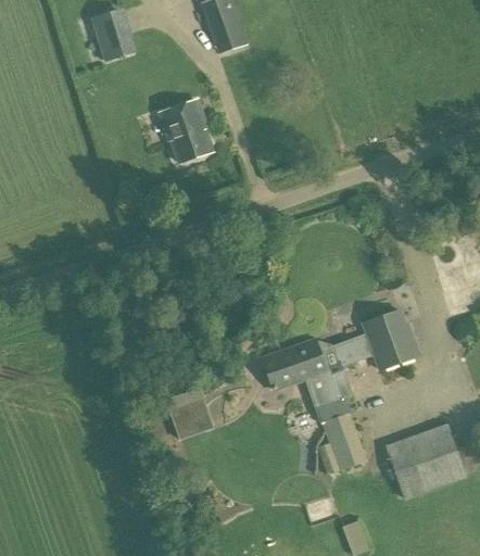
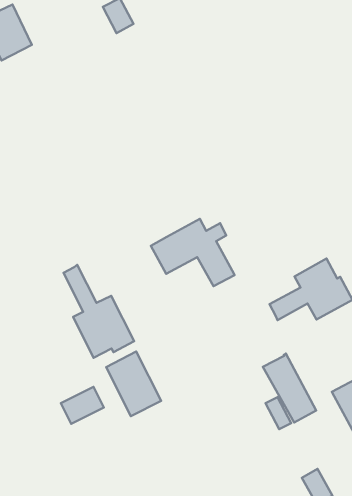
building: [161,99,212,163] -> none
building: none -> [63,265,134,358]
building: [263,339,342,408] -> [151,219,234,286]
building: none -> [61,387,104,424]

